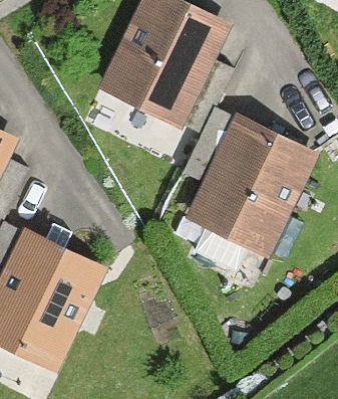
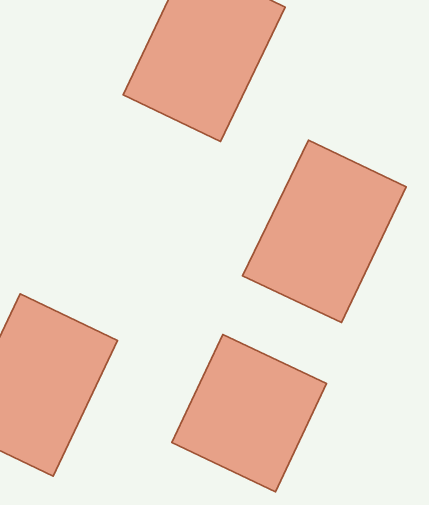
building: none -> [172,334,327,492]

